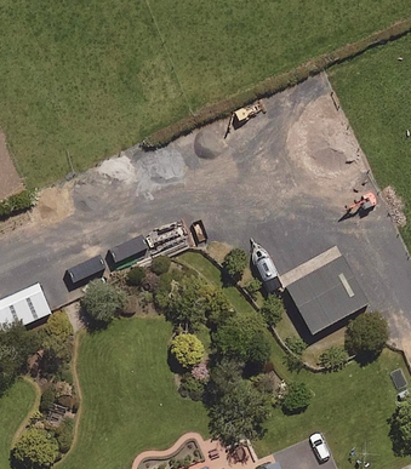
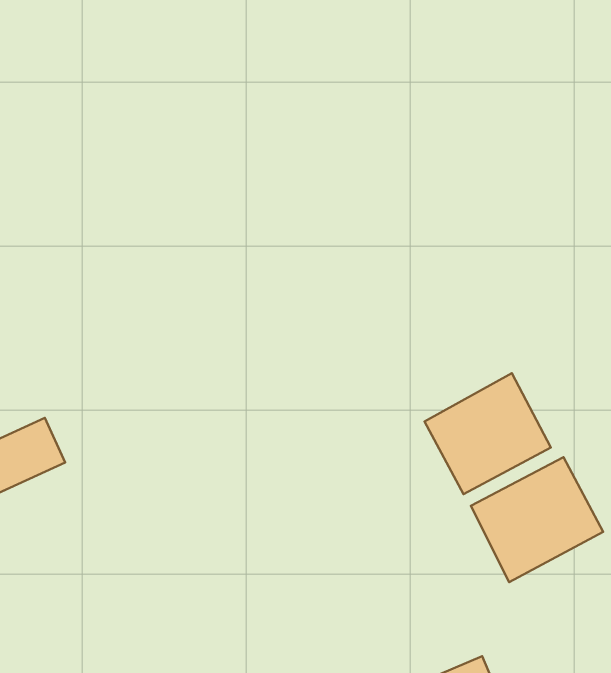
building: none -> [471,457,603,582]

